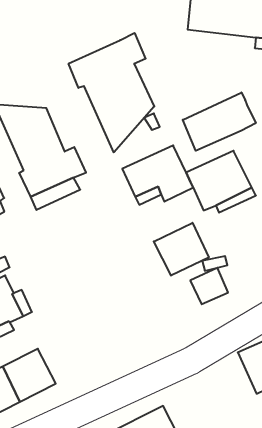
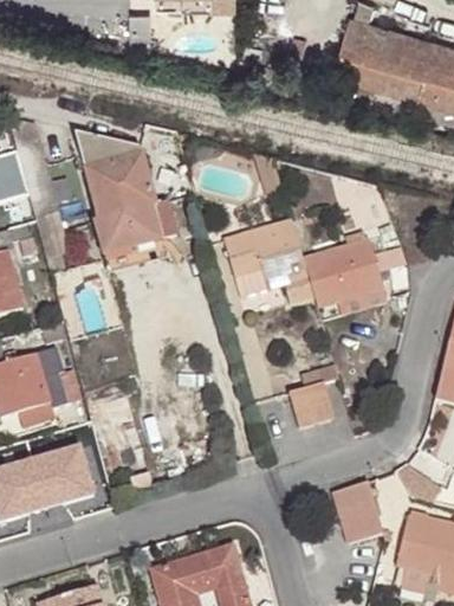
building: [69,33,154,152] -> none
building: [183,92,256,151] -> none
building: [154,223,209,276] -> none

